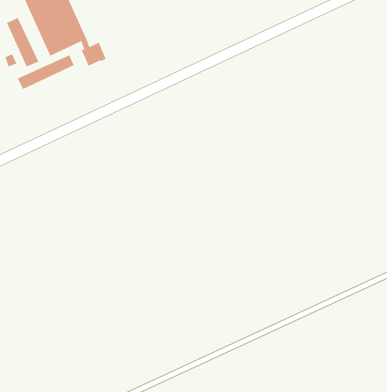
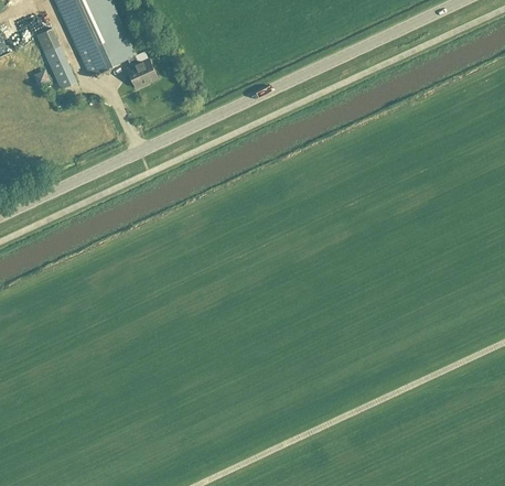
building: [17,55,74,90] -> none

